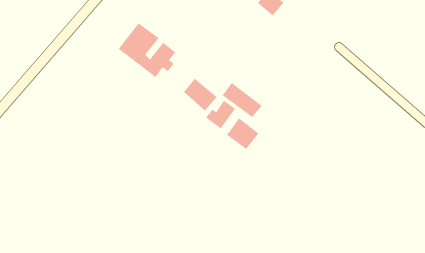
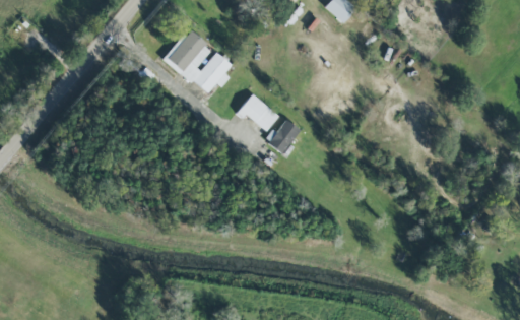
building: [222,82,263,118] -> none
building: [226,118,259,150] -> none

